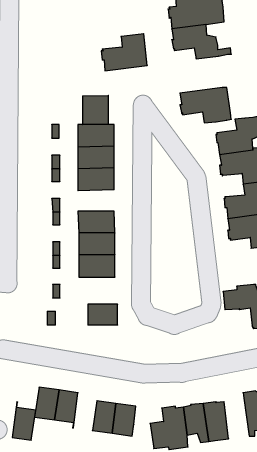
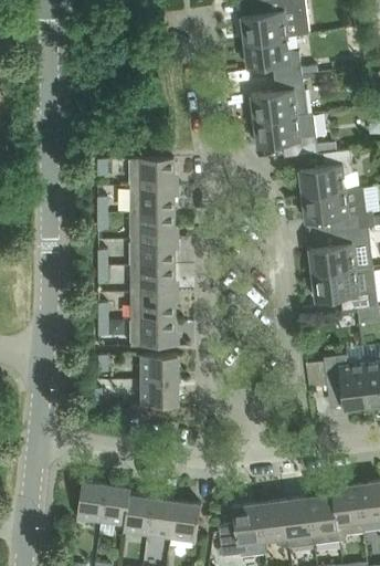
building: [101,34,147,71] -> [250,76,306,122]
building: [83,95,108,125] -> none
building: none -> [129,240,173,266]
building: none -> [141,356,178,380]
building: none -> [308,495,339,545]
building: [12,402,36,440] -> [124,489,152,535]

